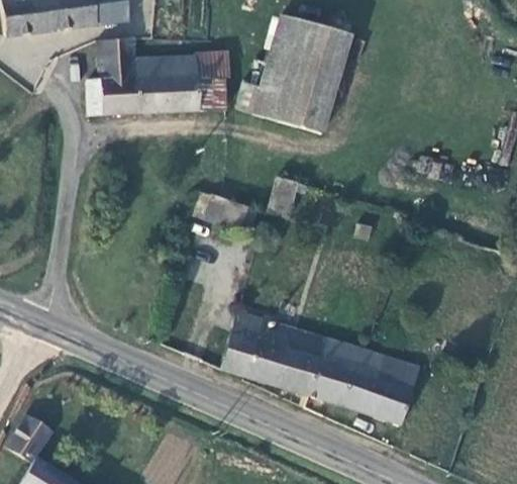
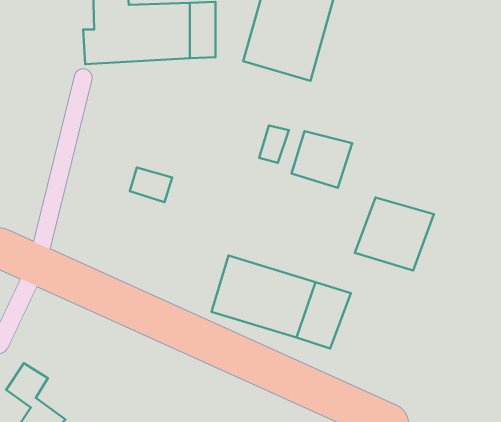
building: none -> [291,131,352,188]
building: [204,194,247,229] -> [130,168,172,202]
building: [341,350,422,424] -> [355,197,434,271]

